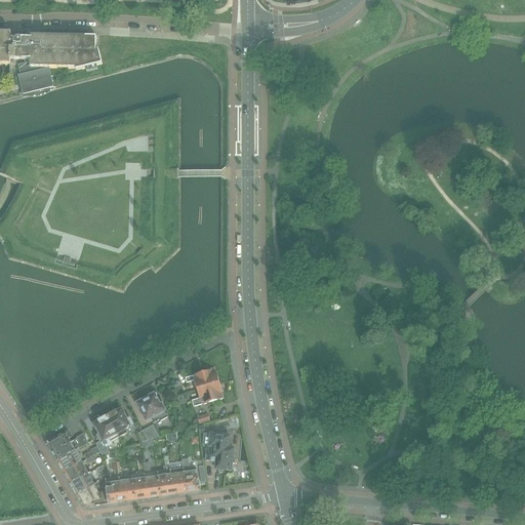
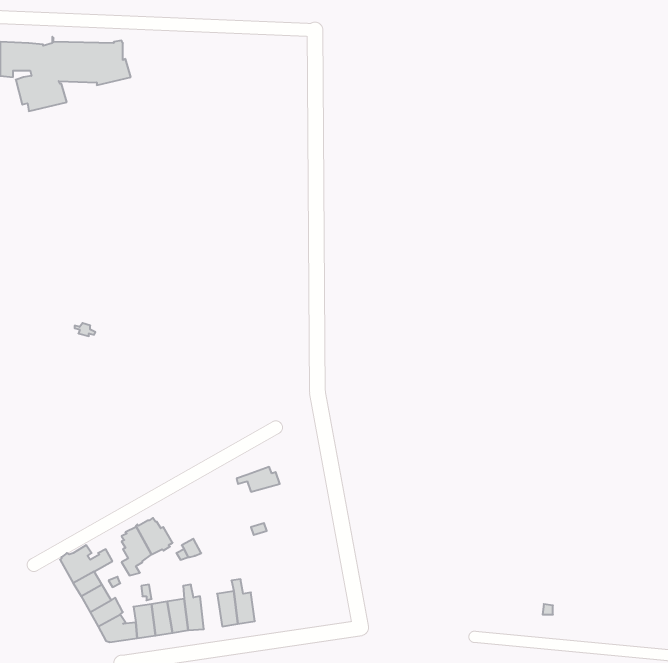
building: [192,379,223,403] -> none
building: [137,389,165,417] -> none
building: [203,430,234,468] -> none
building: [157,452,174,493] -> none

